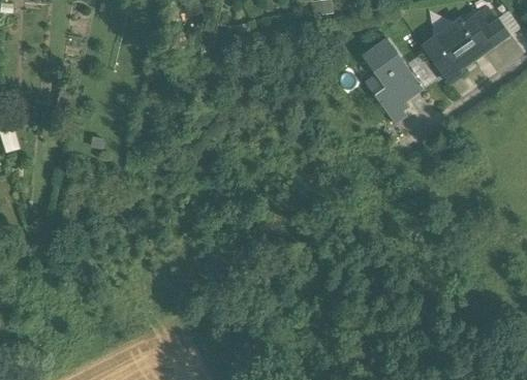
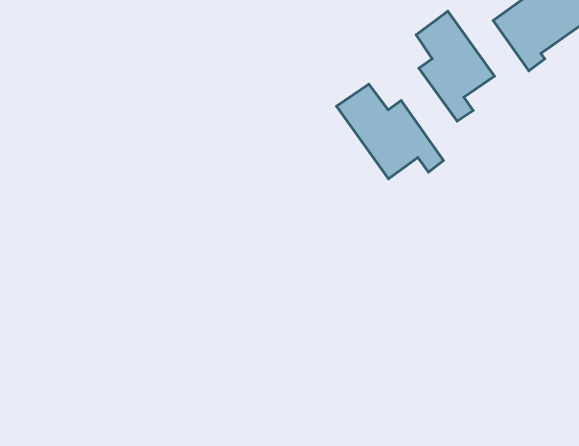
building: none -> [337,84,443,179]

